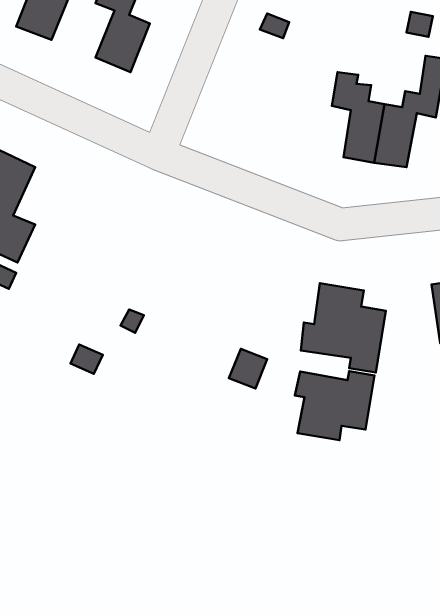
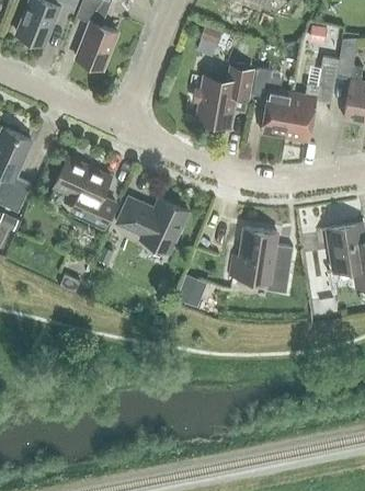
building: none -> [197,67,252,126]
building: none -> [54,157,115,228]
building: none -> [115,197,189,253]
building: [295,371,374,440] -> none

